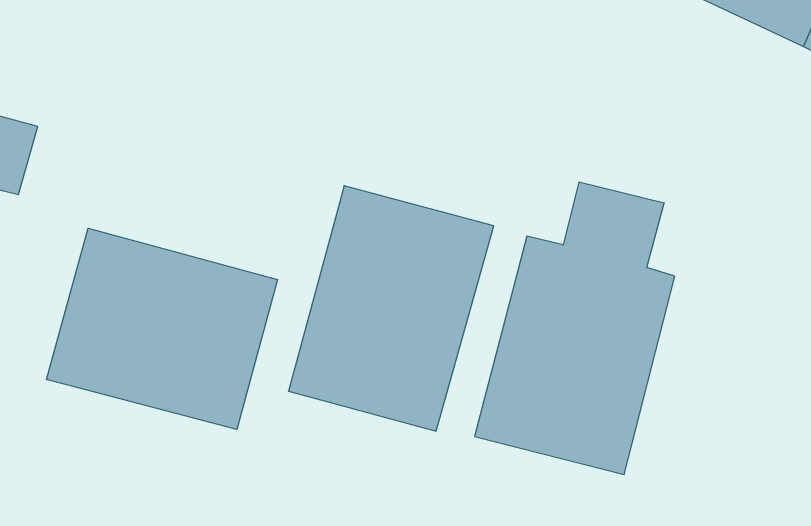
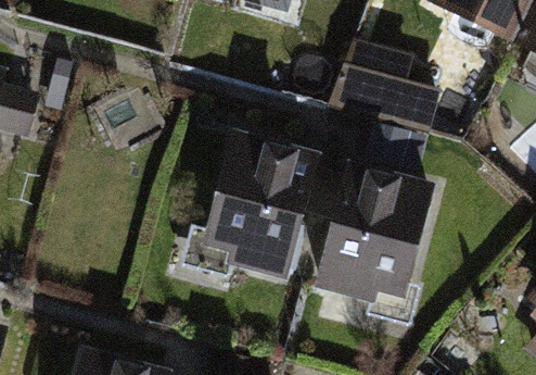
building: [47,228,278,429] -> none

